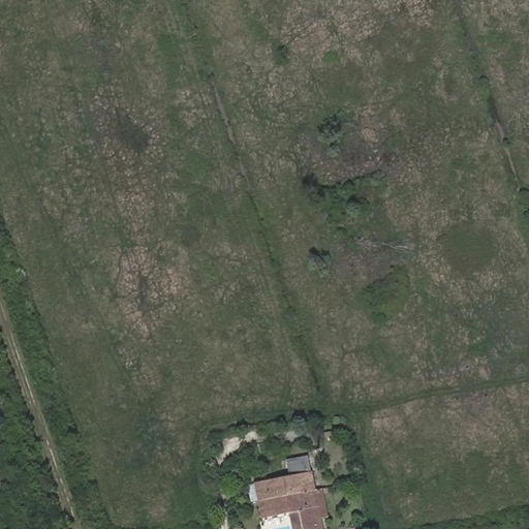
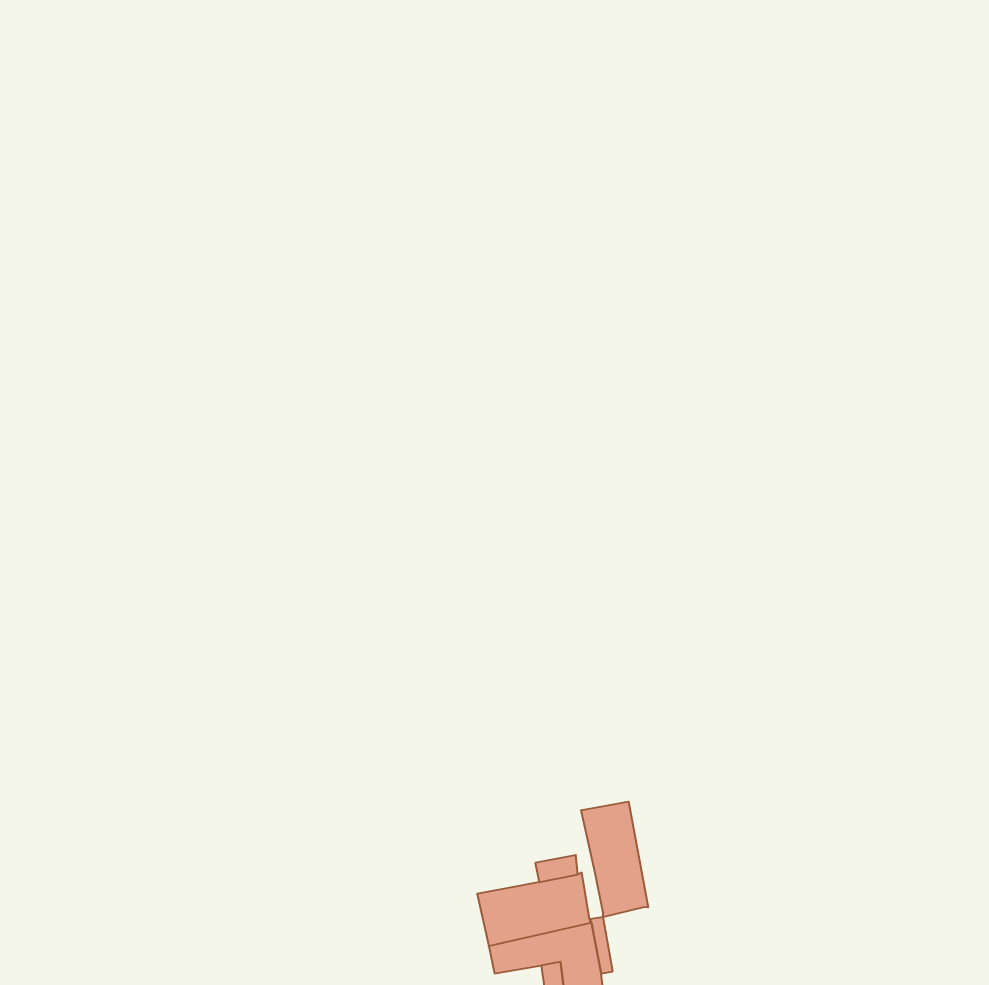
building: none -> [581,802,648,917]

